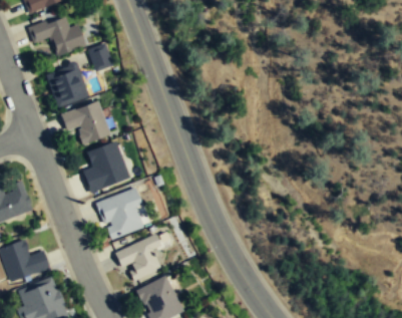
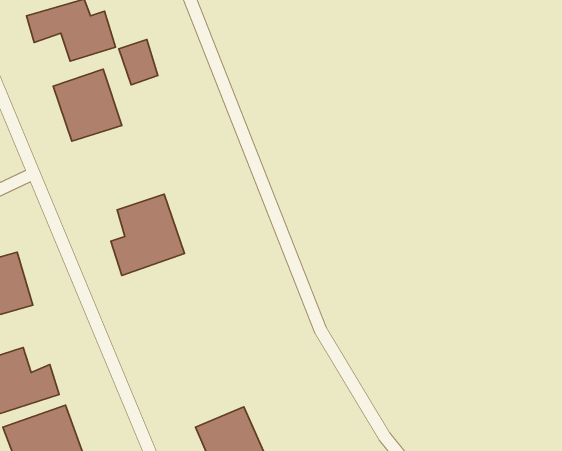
building: [61,99,110,142] -> none
building: [97,190,146,241] -> none
building: [115,236,160,280] -> none

